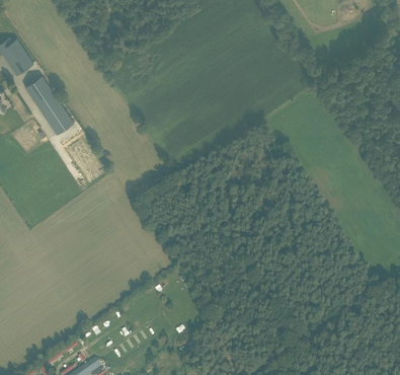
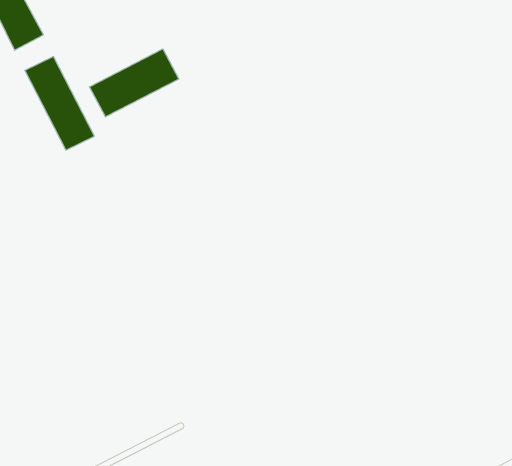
building: none -> [89,49,179,117]

